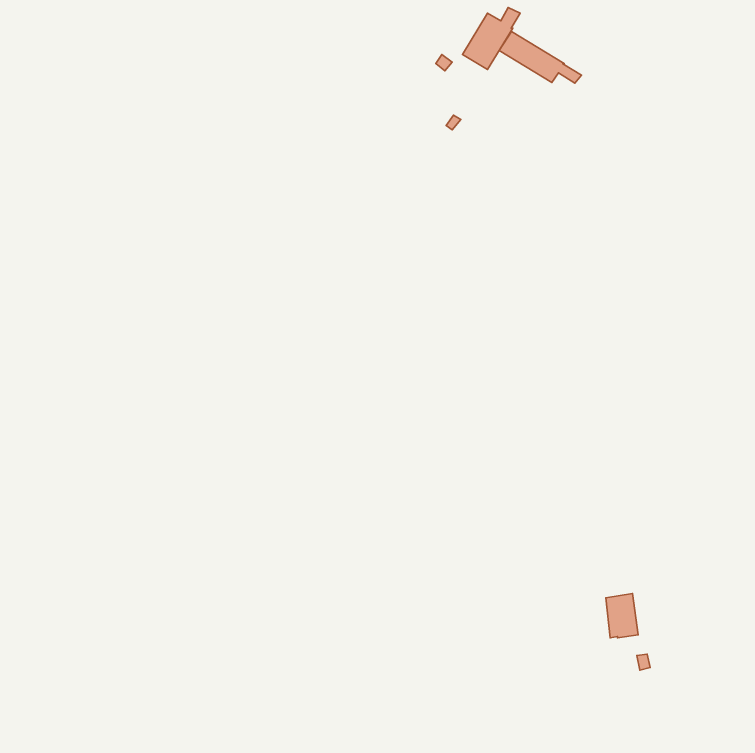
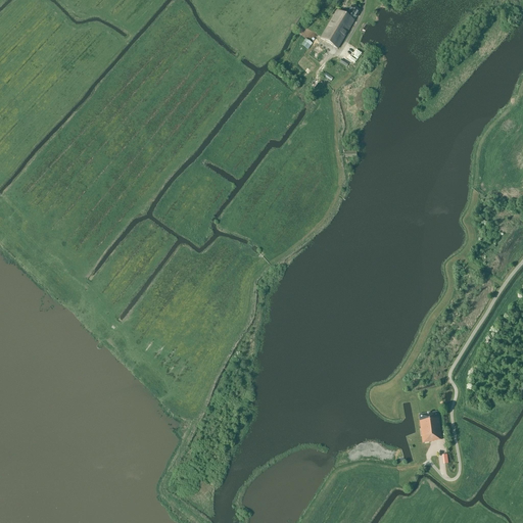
building: [499,32,581,83] -> none

